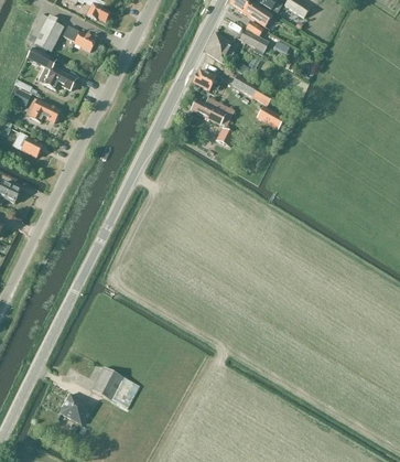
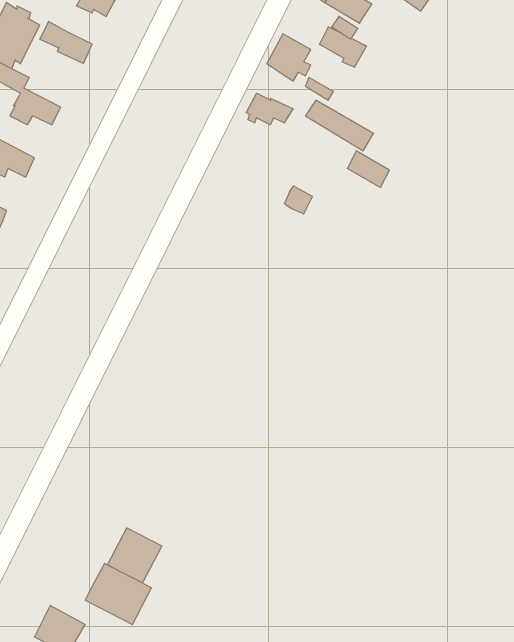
building: [191,98,234,127] -> none
building: none -> [108,528,162,583]

